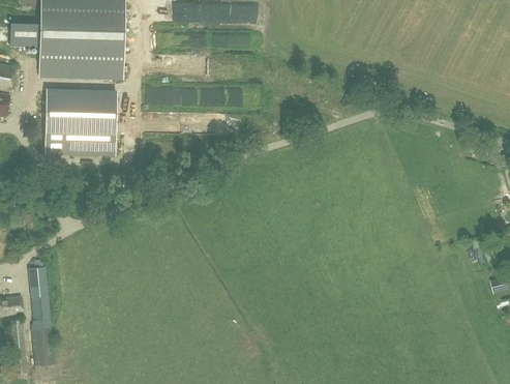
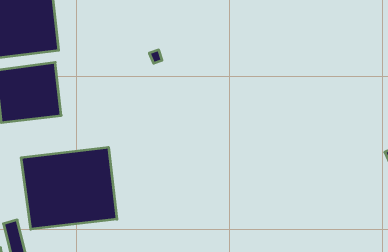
building: none -> [21,147,117,229]

